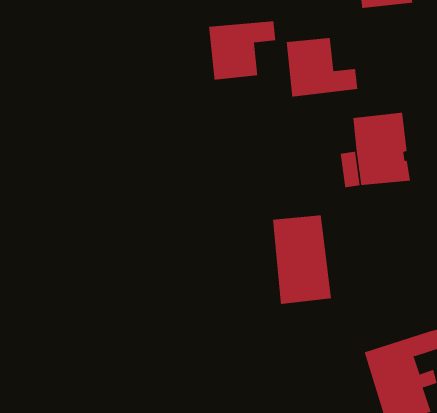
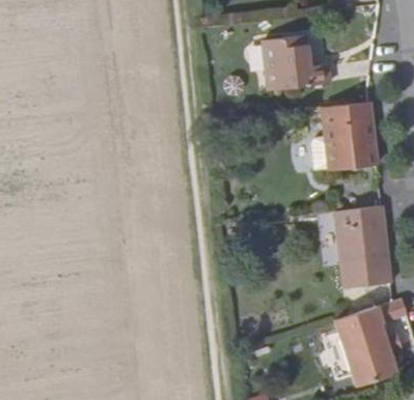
building: [208,20,276,81] -> none
building: [272,215,332,304] -> [337,206,391,287]

